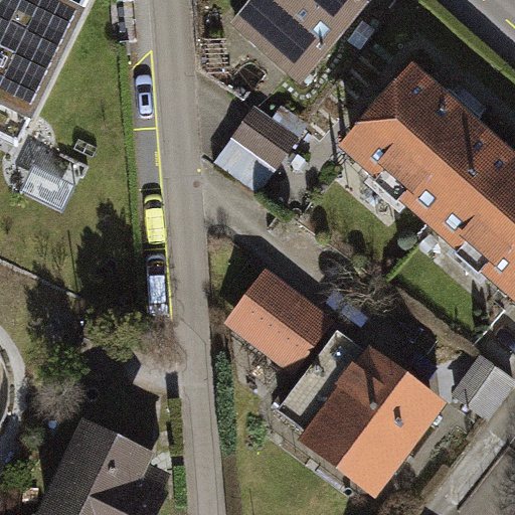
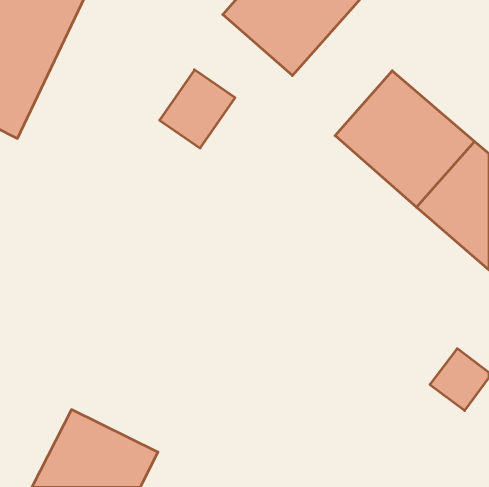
building: [214,114,293,195] -> [160,70,235,148]
building: [227,270,325,365] -> none
building: [275,328,444,491] -> none

